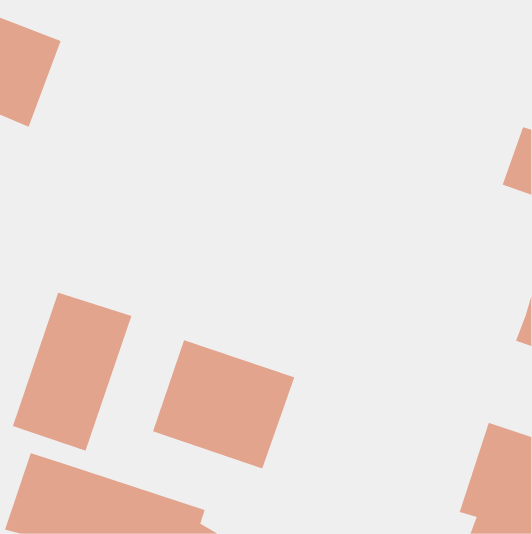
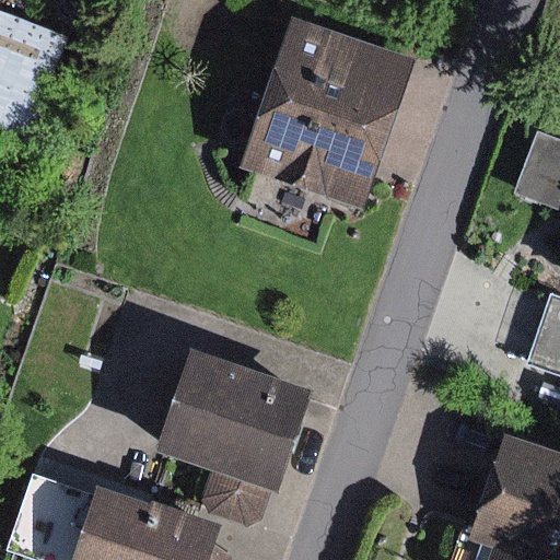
building: none -> [241,19,411,207]
building: [12,292,132,451] -> none

